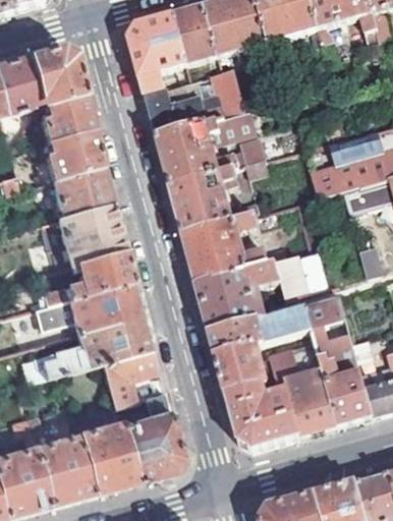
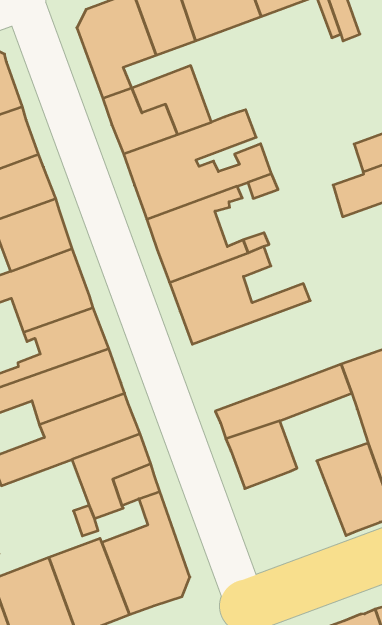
building: [213,68,246,118] -> none
building: [196,250,327,336] -> none
building: [270,343,323,384] -> none
building: [227,386,300,450] -> none

